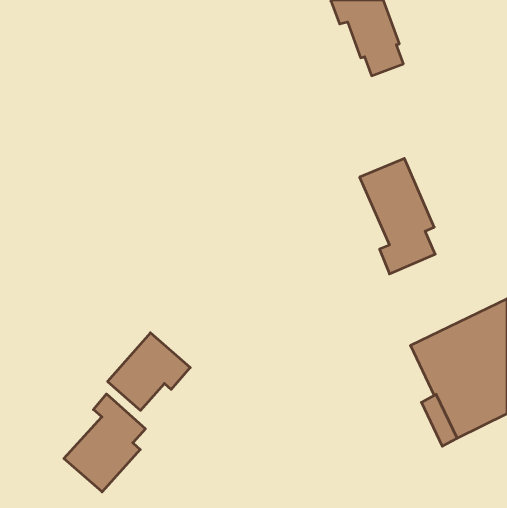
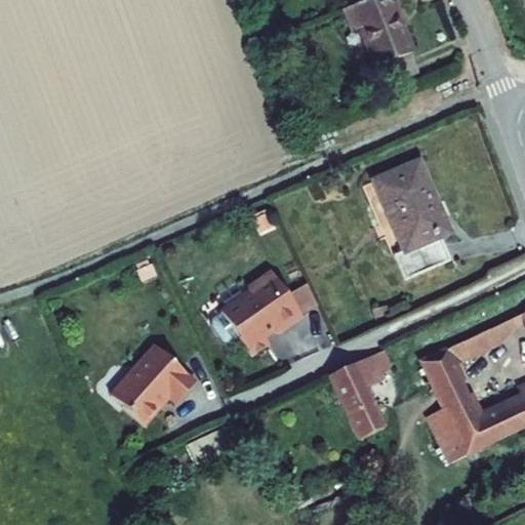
building: none -> [218,269,300,353]
building: none -> [333,350,392,441]
building: [64,394,145,492] -> none

